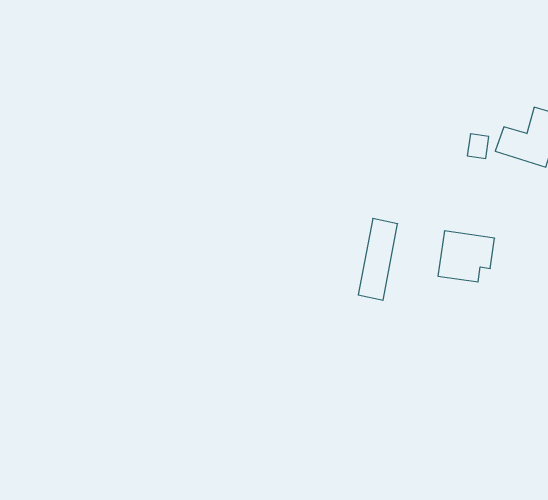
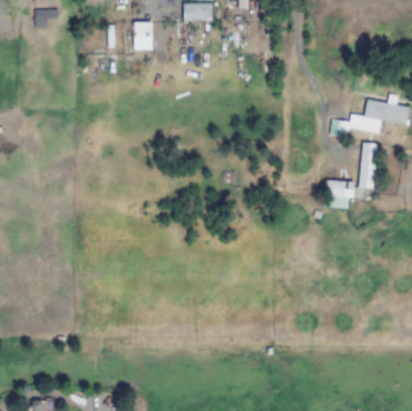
building: [358,218,398,300] -> [360,142,377,189]

